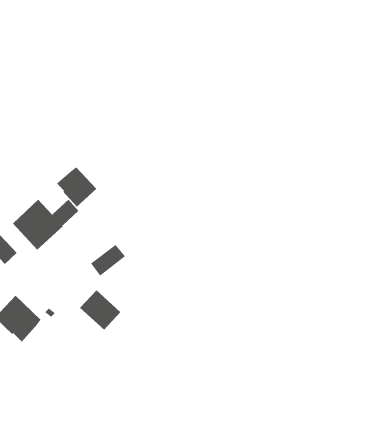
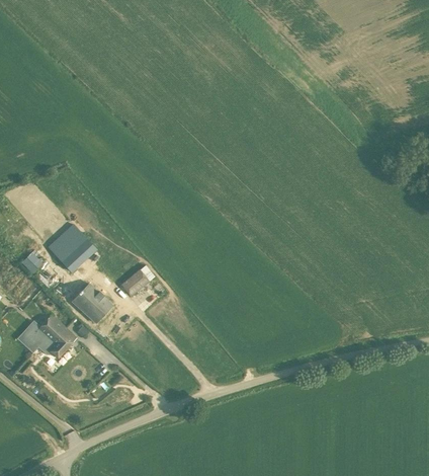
building: [56,166,97,208] -> none
building: [79,289,121,330] -> [71,284,110,322]

